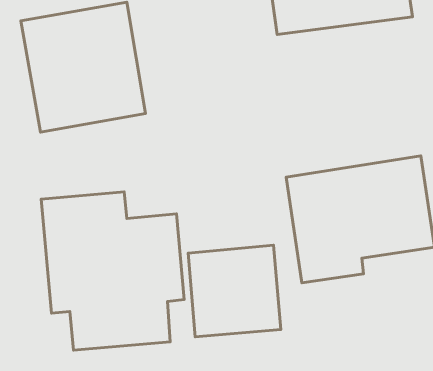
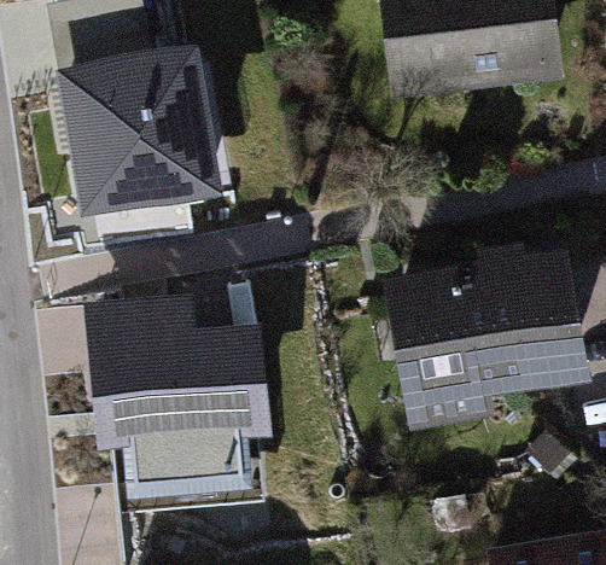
building: [188,245,281,337] -> none

